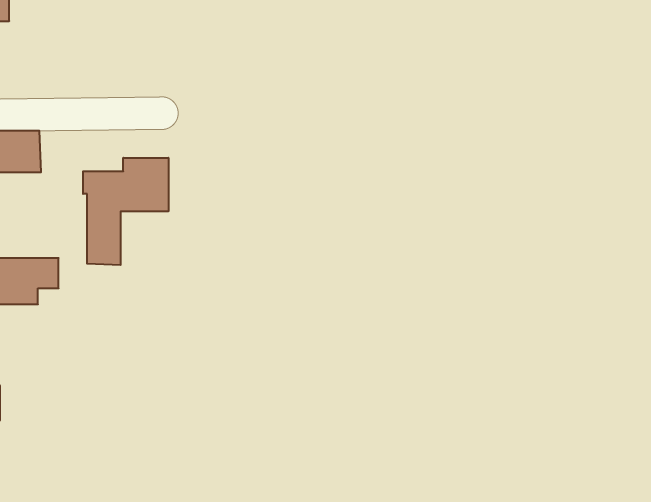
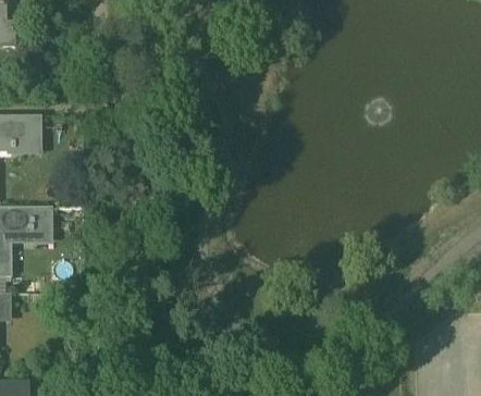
building: [83,158,168,265] -> none

